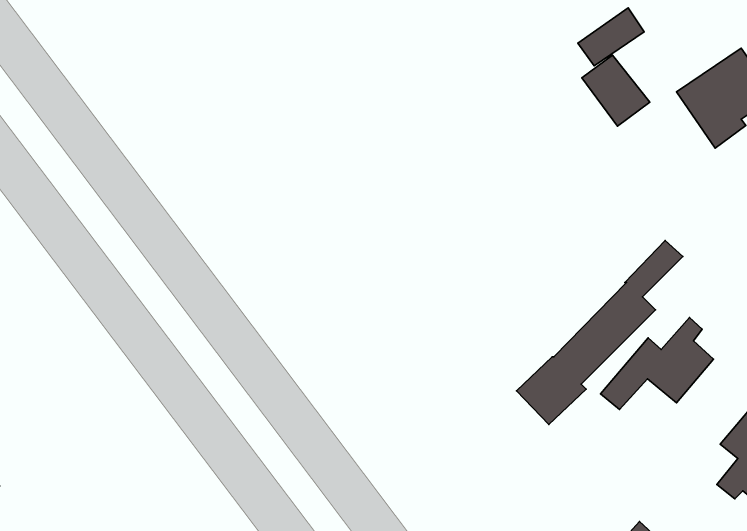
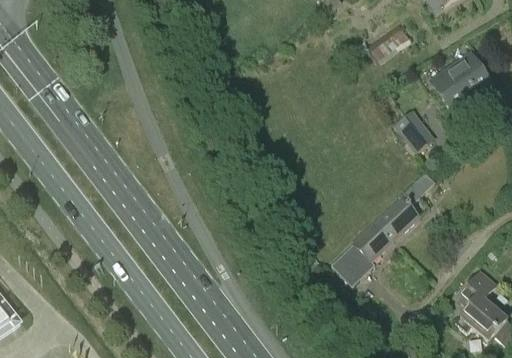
building: [582,55,650,126] -> [393,109,435,153]
building: [601,317,713,409] -> none

